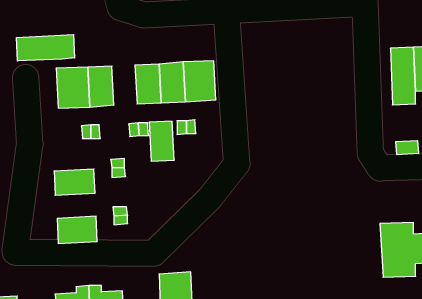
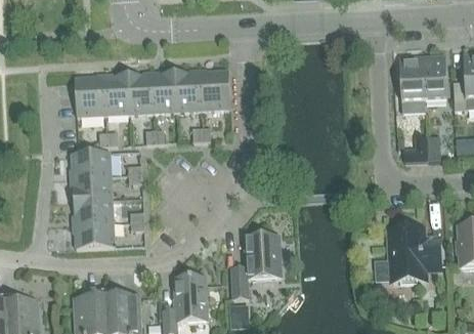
building: [17,35,75,61] -> none
building: [149,121,174,161] -> [129,74,154,113]
building: none -> [72,151,112,177]
building: none -> [74,199,114,223]
building: none -> [232,231,282,297]

